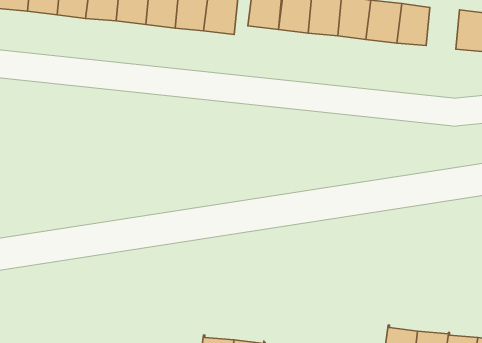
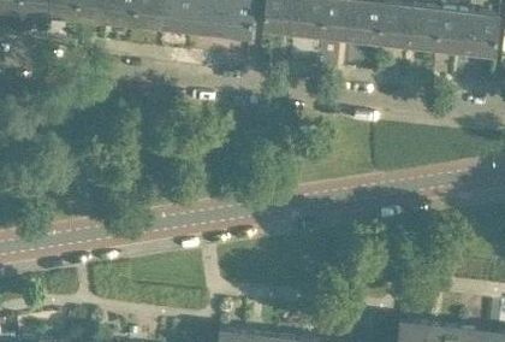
building: none -> [438,11,470,52]

